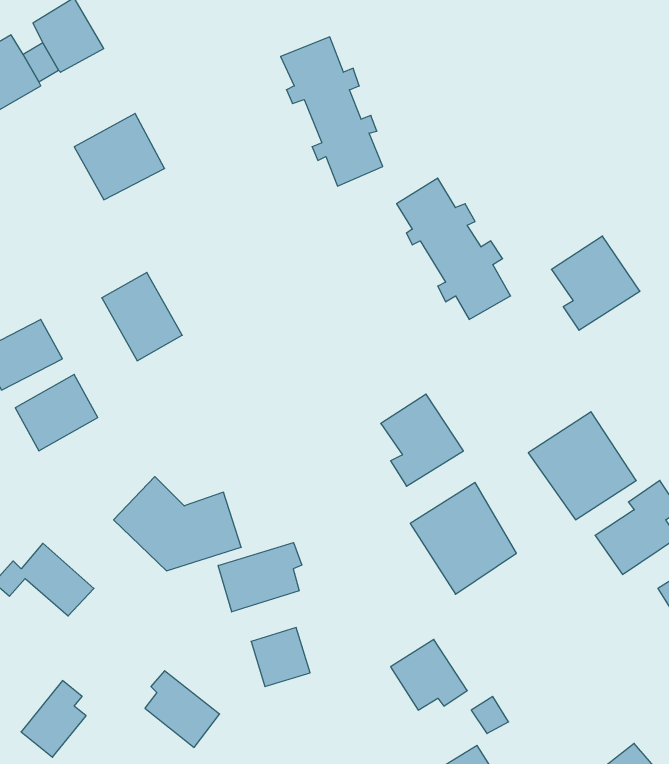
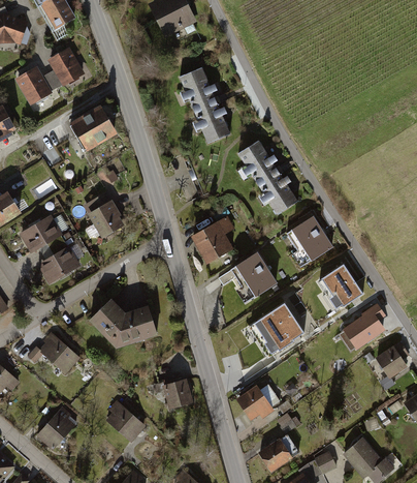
building: [551,236,640,330] -> [285,216,331,266]
building: none -> [192,216,234,262]
building: [218,543,302,612] -> none

